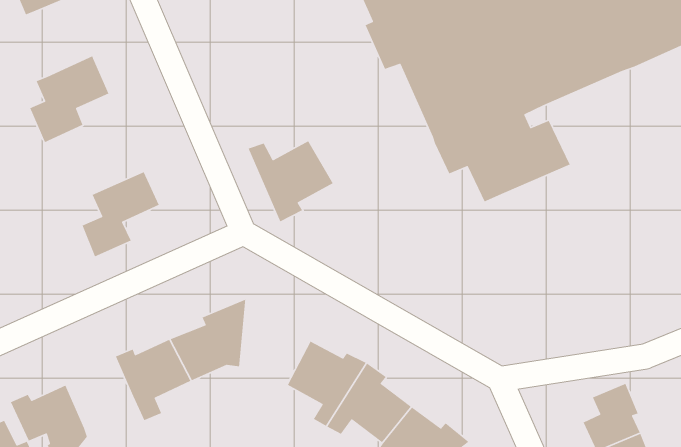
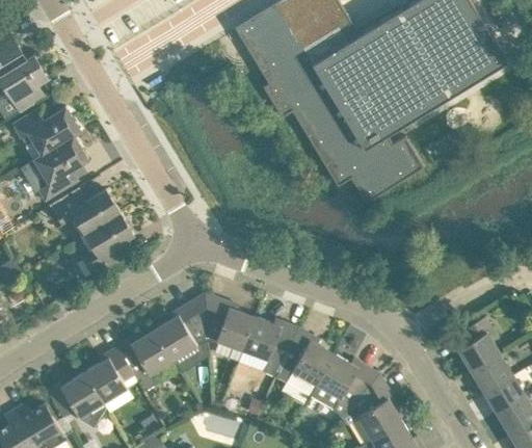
building: none -> [12,108,80,155]
building: none -> [50,190,119,235]
building: [247,140,334,222] -> none
building: none -> [205,294,255,352]
building: none -> [84,348,133,402]

